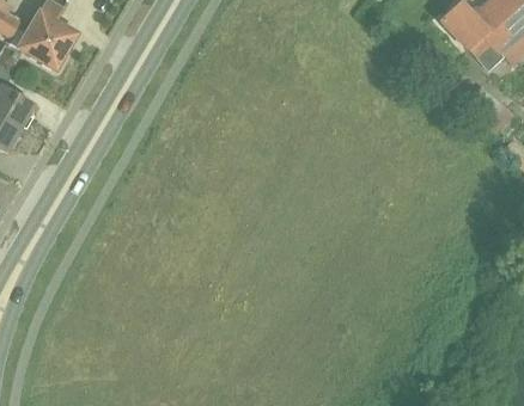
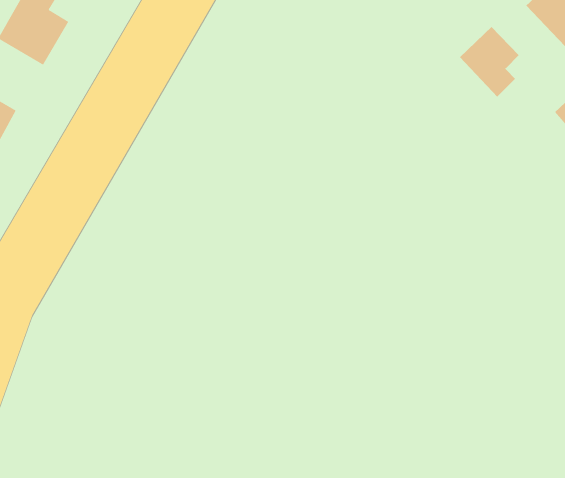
building: none -> [459,26,520,97]

